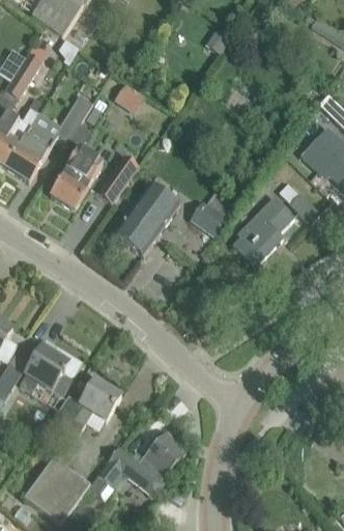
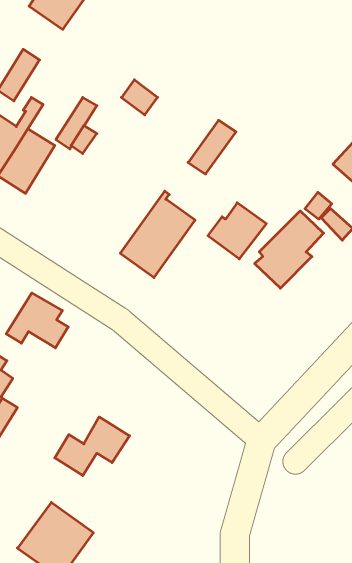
building: [50,148,103,208] -> none
building: [96,155,139,202] -> [188,120,236,174]
building: [19,346,74,395] -> [6,293,68,348]
building: [90,431,187,495] -> none

